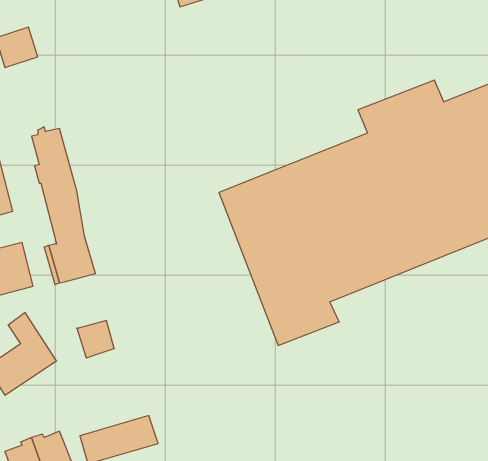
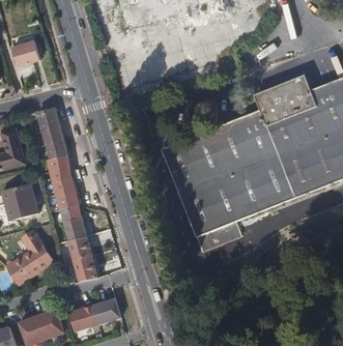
building: none -> [59,204,86,240]
building: none -> [73,254,98,282]

